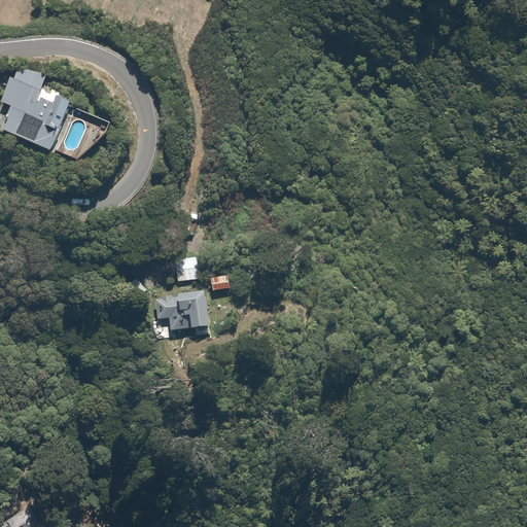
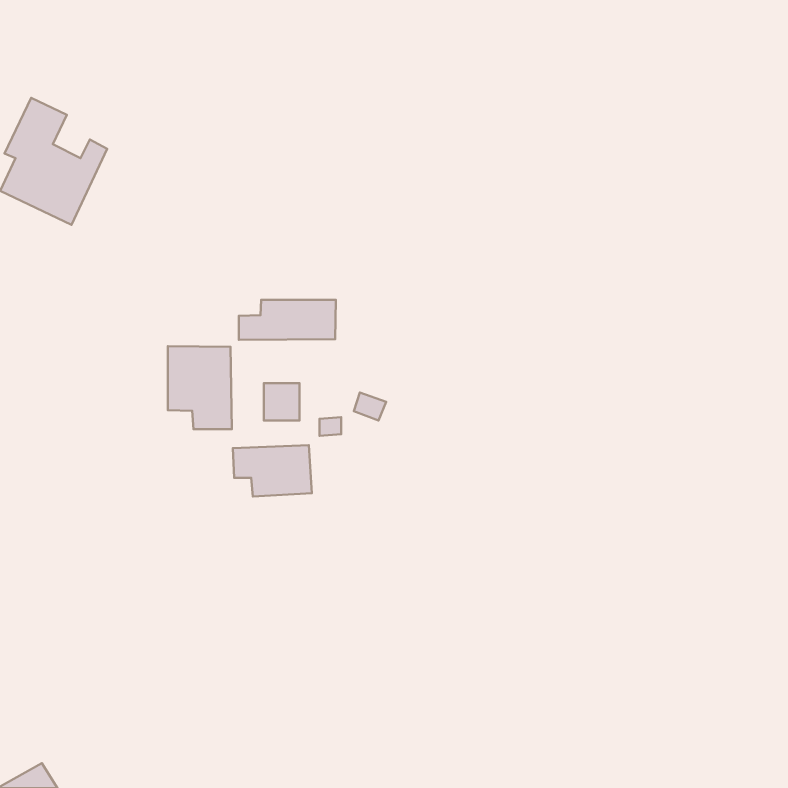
building: none -> [239,300,336,340]
building: none -> [168,346,232,429]

